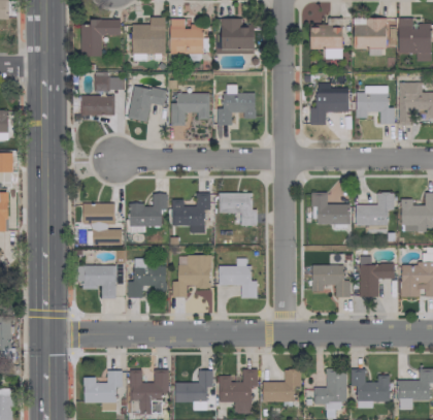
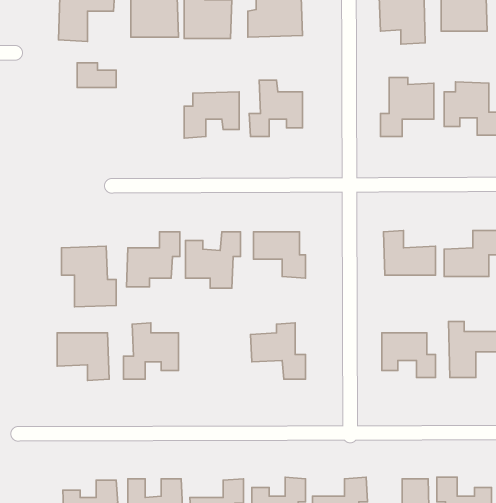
building: [128,85,166,122] -> none
building: [81,95,114,116] -> none
building: [172,255,210,297] -> none

